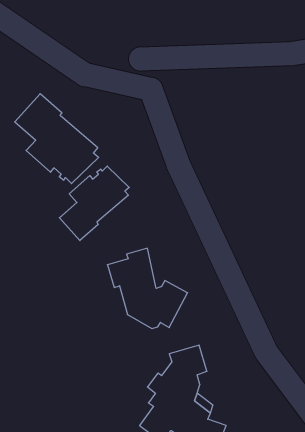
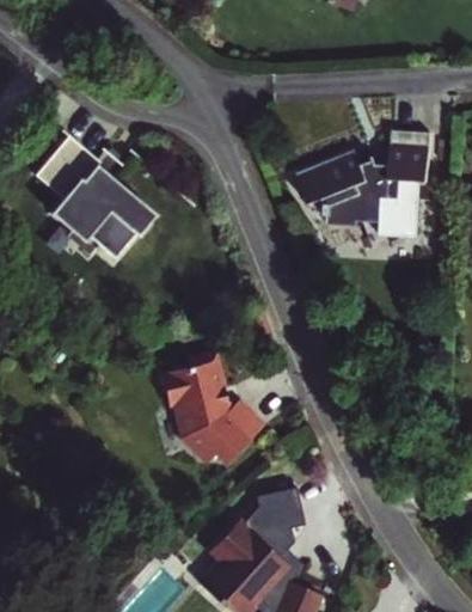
building: none -> [283,121,415,225]
building: [59,166,129,241] -> none

